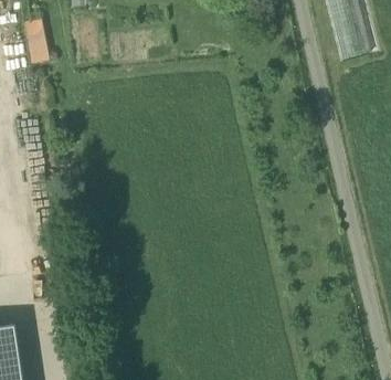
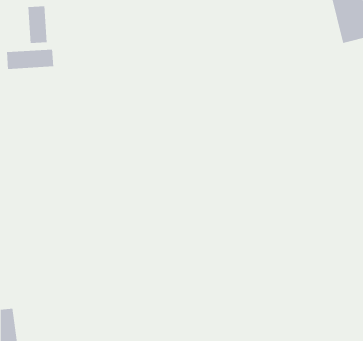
building: none -> [7,49,54,70]

